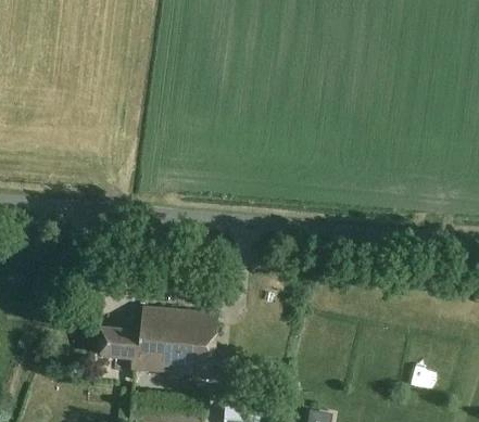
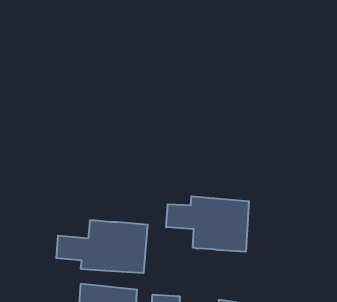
building: none -> [166,196,249,252]

